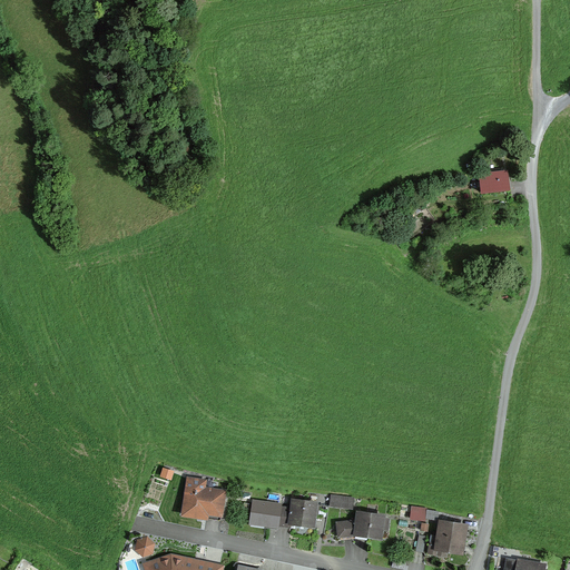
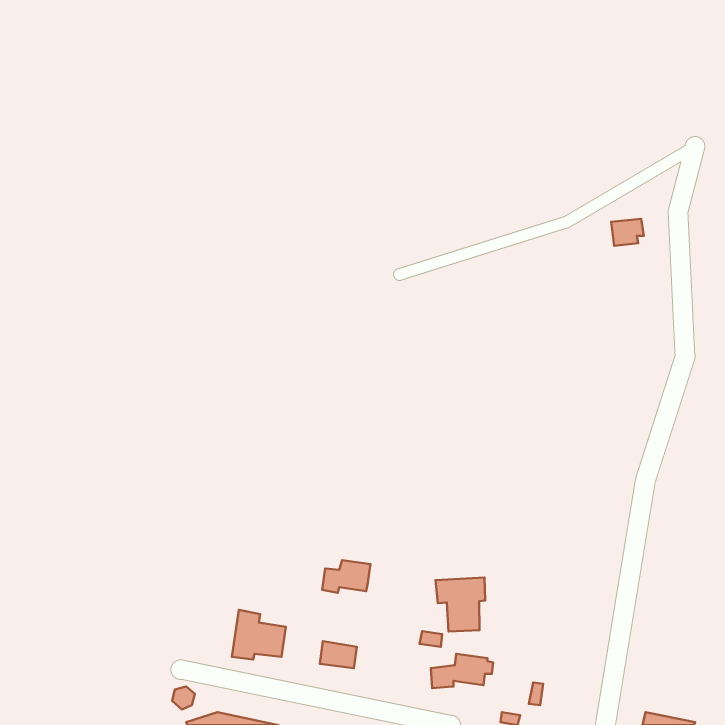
building: none -> [435,578,485,632]
building: [278,500,316,525] -> [322,560,371,593]
building: [429,524,464,556] -> none

